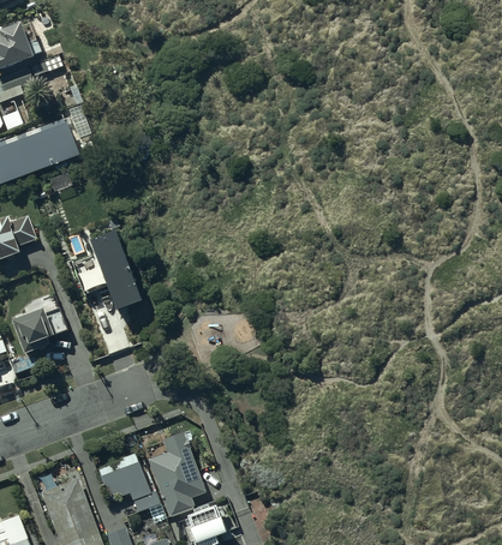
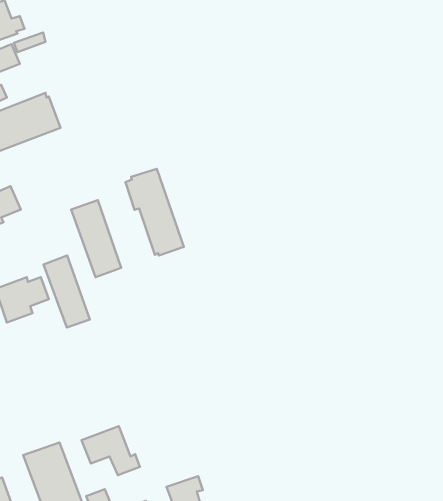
building: none -> [126,169,184,256]
building: none -> [43,256,90,328]
building: [148,431,205,516] -> none

